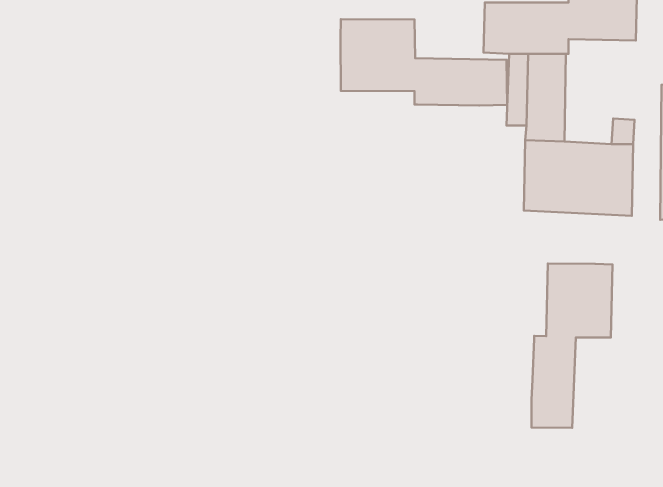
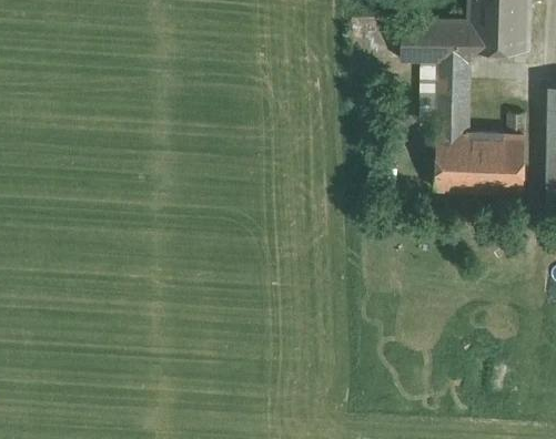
building: [340,19,507,106] -> none
building: [532,264,613,428] -> none

